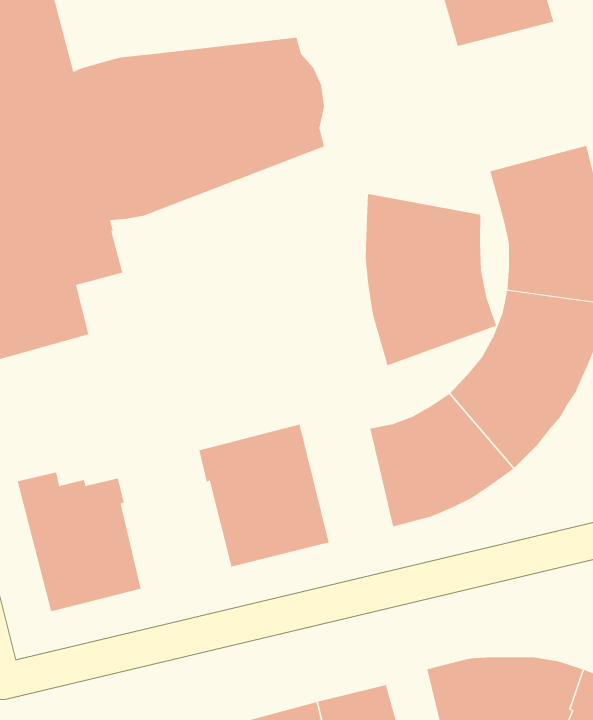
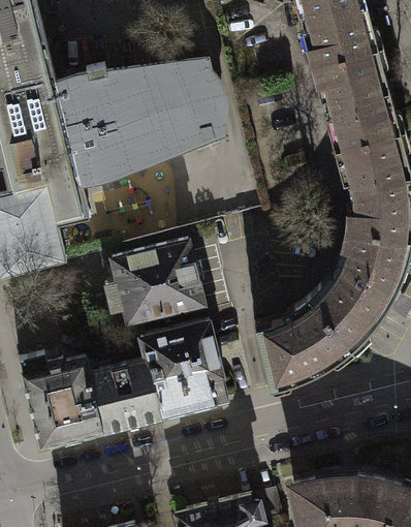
building: none -> [314,51,401,151]
building: [365,193,497,366] -> none
building: none -> [105,240,204,322]
building: none -> [89,359,162,431]

